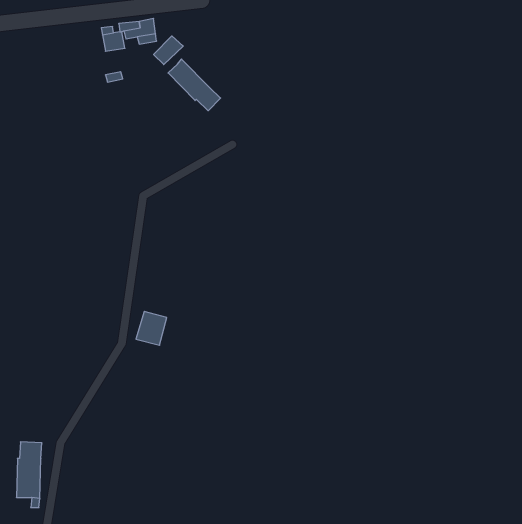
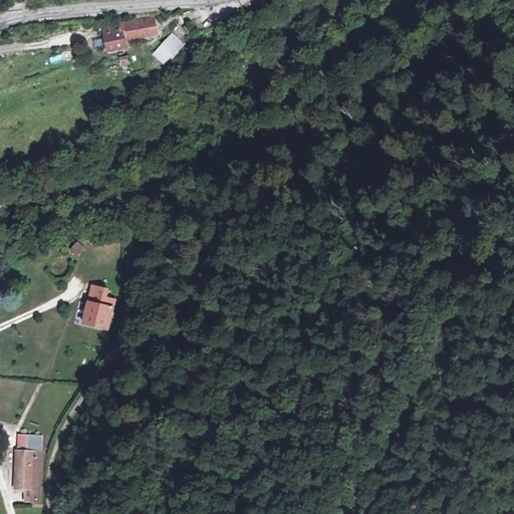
building: [168,59,221,111] -> none
building: [136,311,167,345] -> [84,293,114,326]

